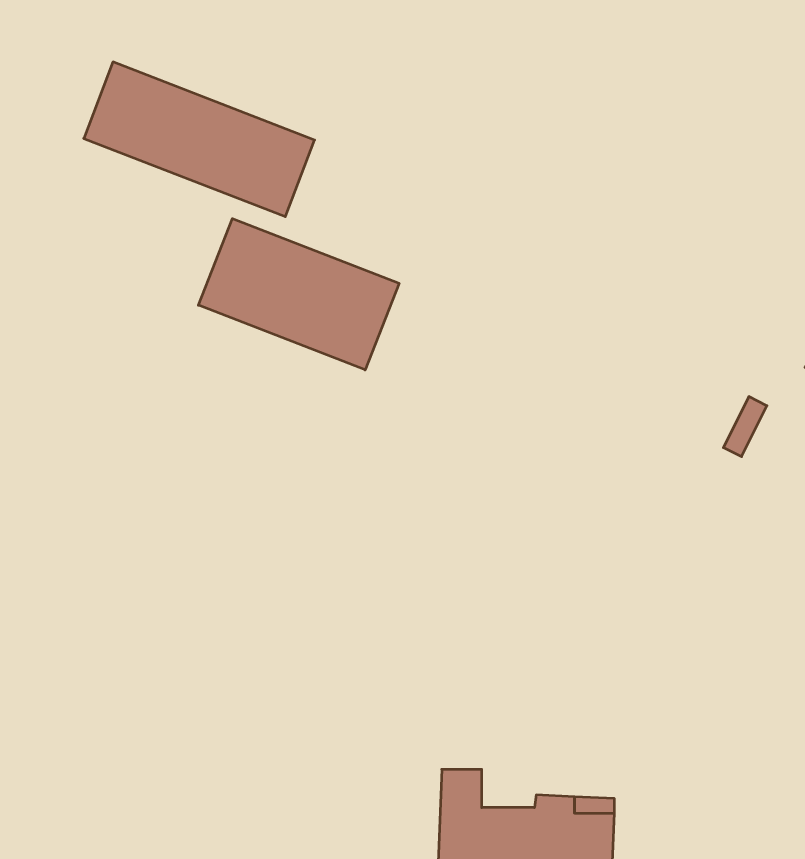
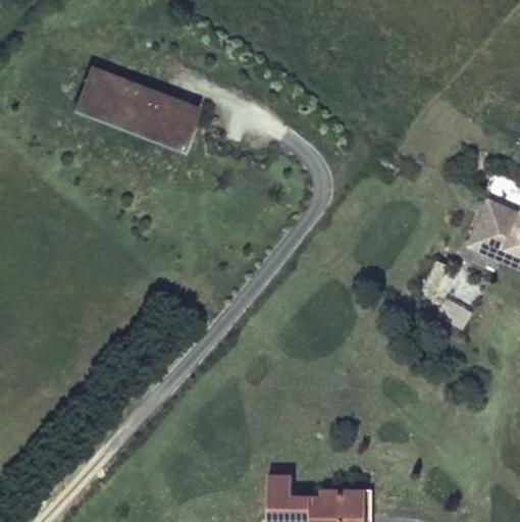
building: [198,219,399,370] -> none

